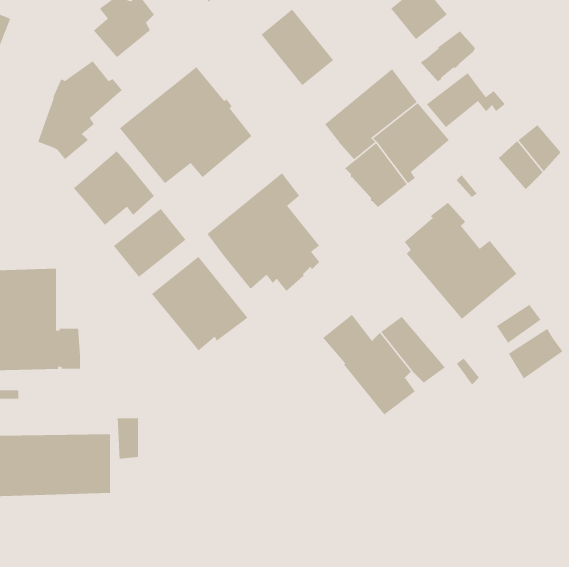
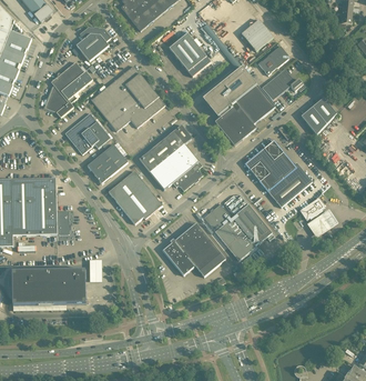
building: none -> [162,222,225,275]

